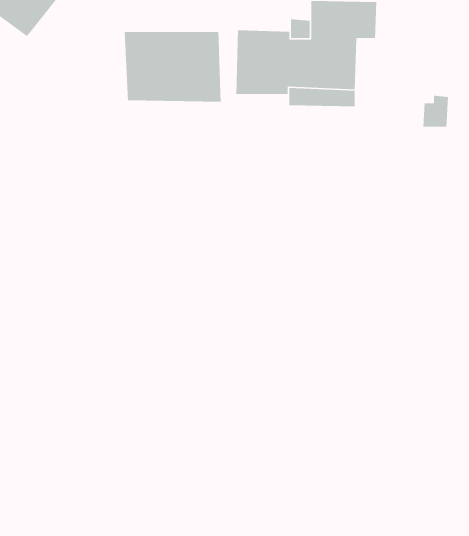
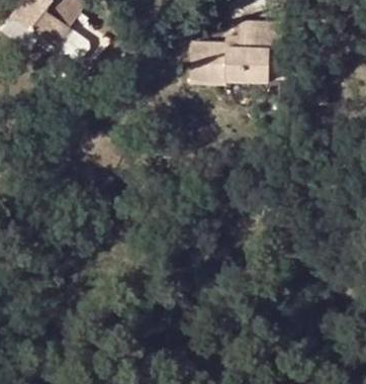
building: [124,31,222,102] -> none

